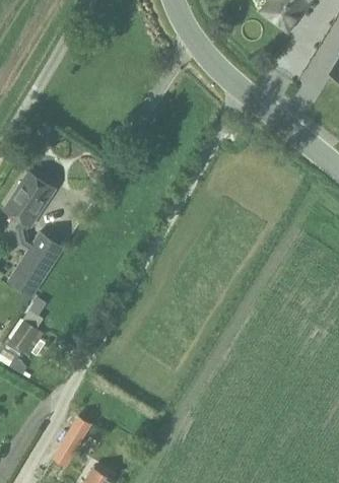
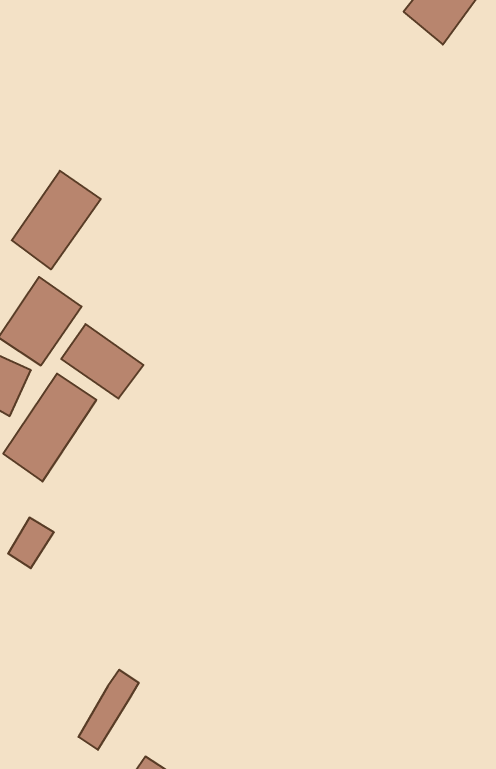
building: none -> [12,171,101,269]
building: none -> [61,324,143,399]

